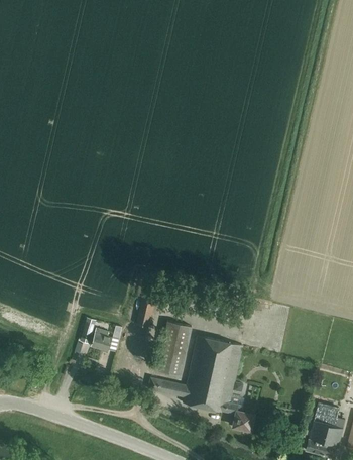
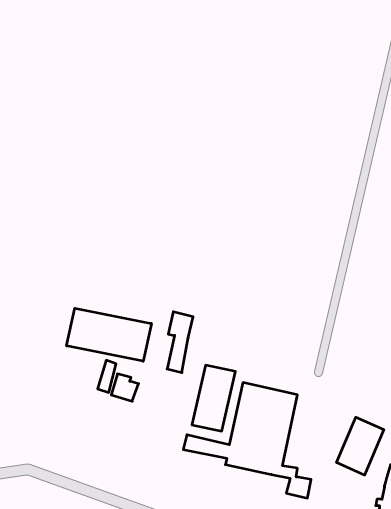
building: none -> [67,308,151,361]
building: none -> [337,417,384,475]

